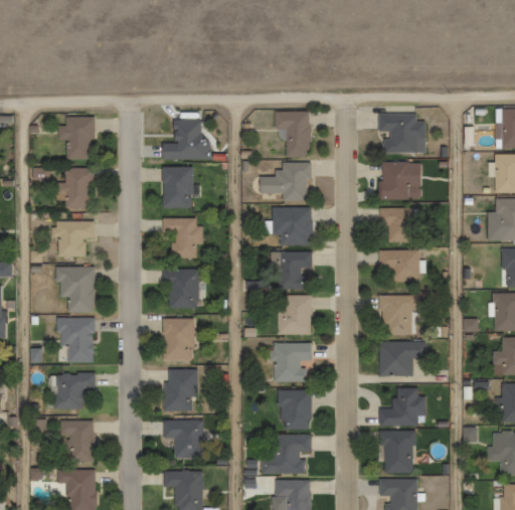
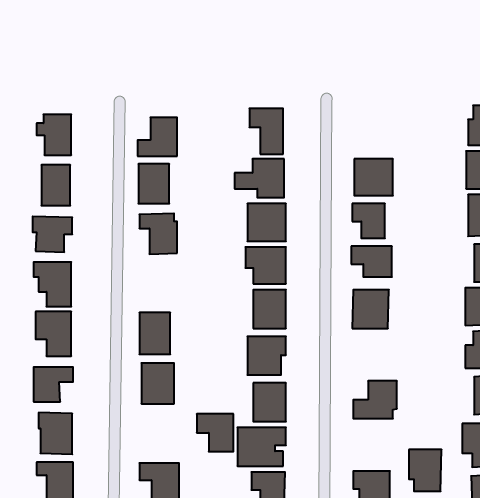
building: [378,113,424,152] -> none
building: [163,270,198,308] -> none
building: [379,341,427,375] -> none
building: [164,419,201,458] -> [197,414,233,452]
building: [380,431,413,473] -> [409,450,442,491]

